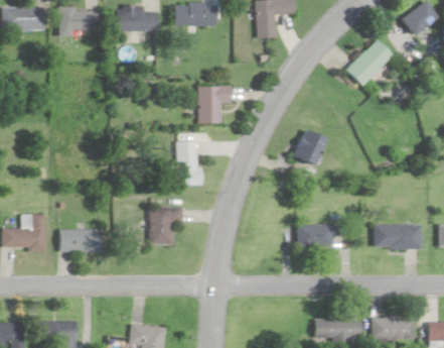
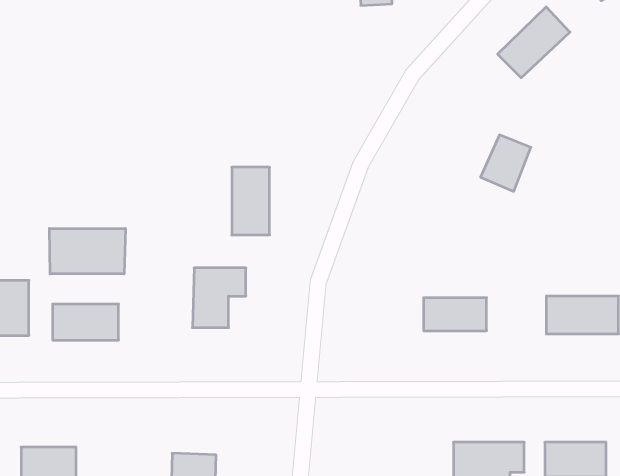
building: [199,85,233,122] -> none
building: [293,129,325,165] -> [481,135,531,191]
building: none -> [49,228,125,274]

